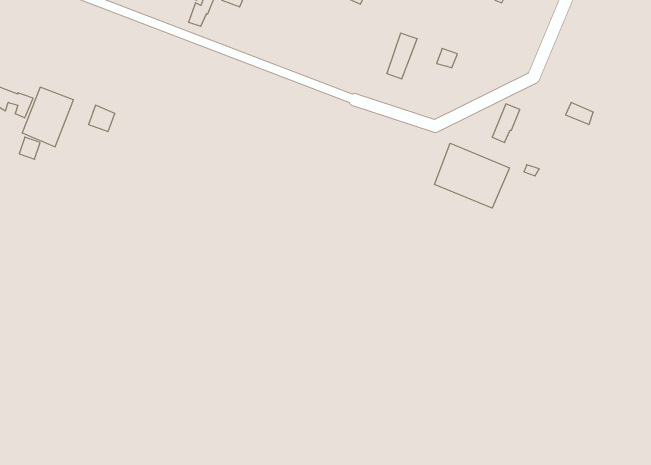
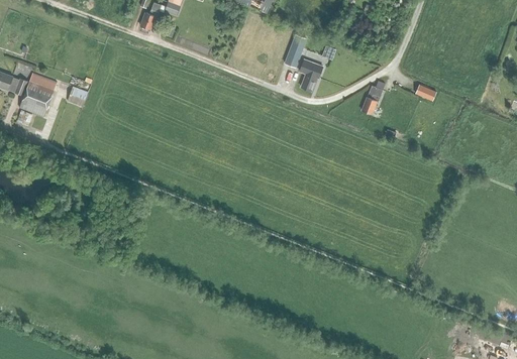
building: none -> [300,58,323,90]
building: [435,143,509,208] -> none

